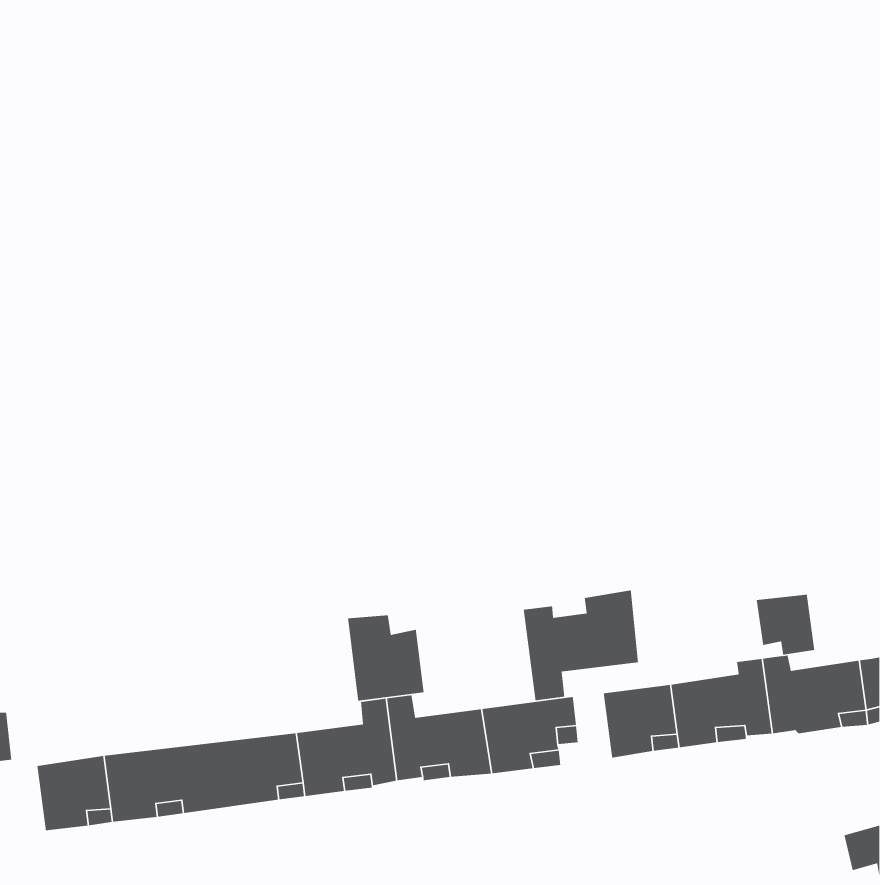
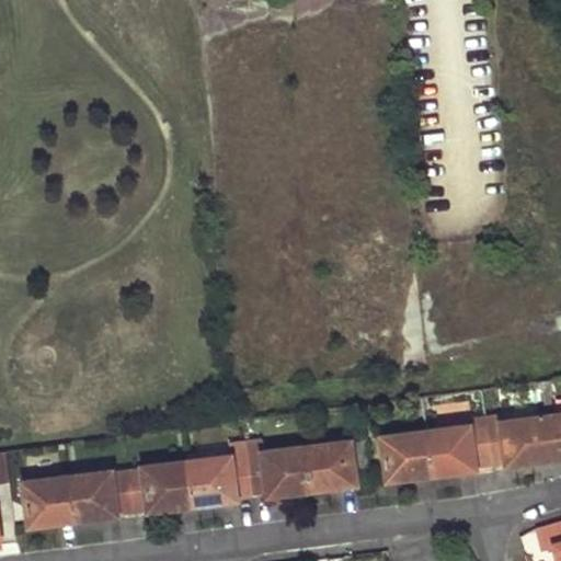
building: [523,589,639,701] -> none
building: [756,594,815,655] -> none
building: [347,614,424,702] -> none

